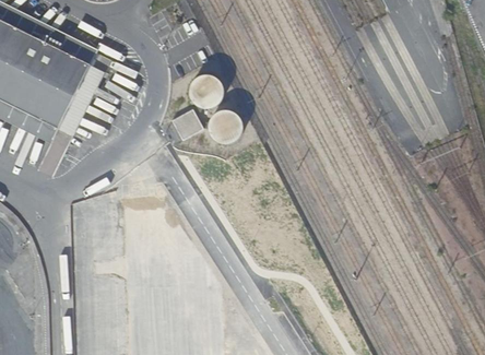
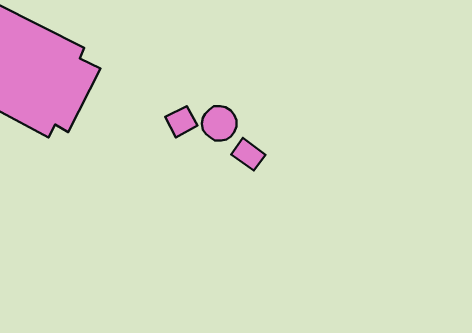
building: [190,73,225,109] -> none
building: none -> [231,138,266,170]

